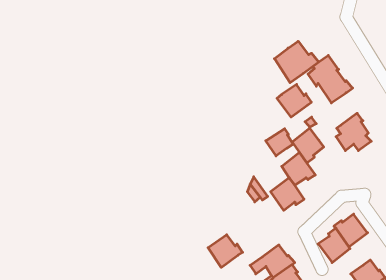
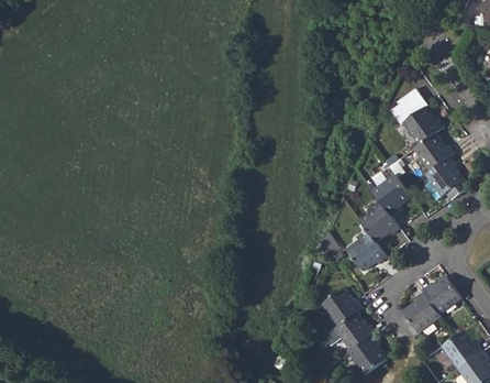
building: [274,41,319,83] -> none
building: [277,84,311,117] -> [413,133,454,172]
building: [266,129,293,156] -> none
building: [208,235,243,267] -> [322,288,363,327]

